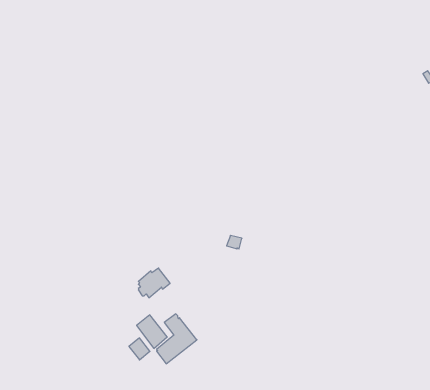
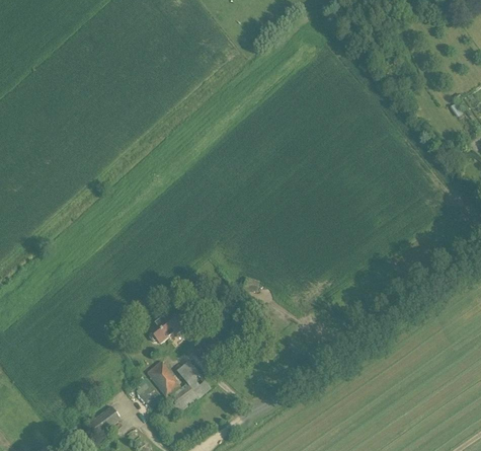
building: none -> [86,404,119,435]

